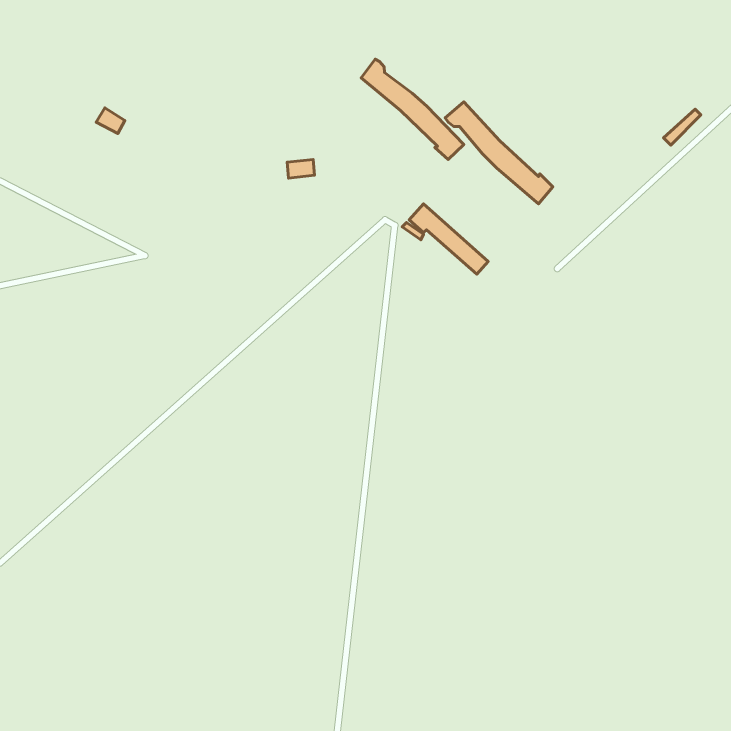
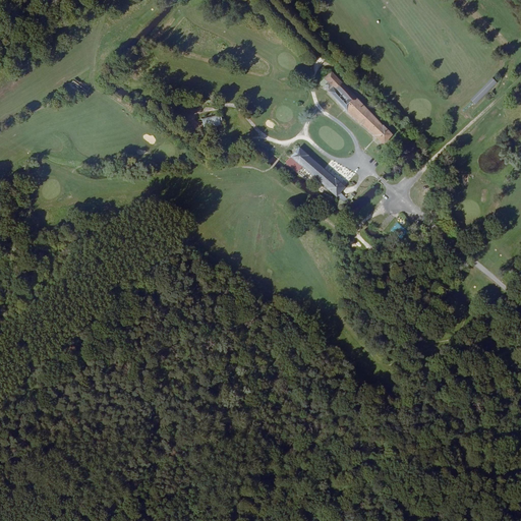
building: [361,59,464,159] -> none

